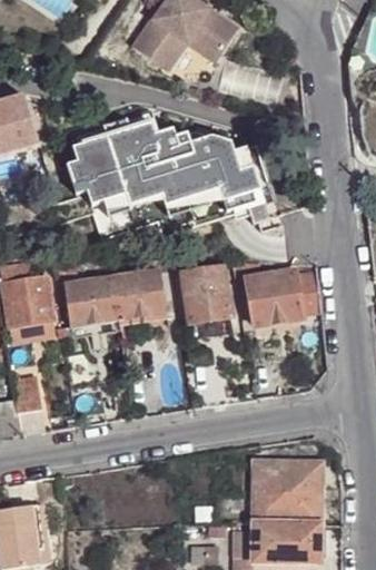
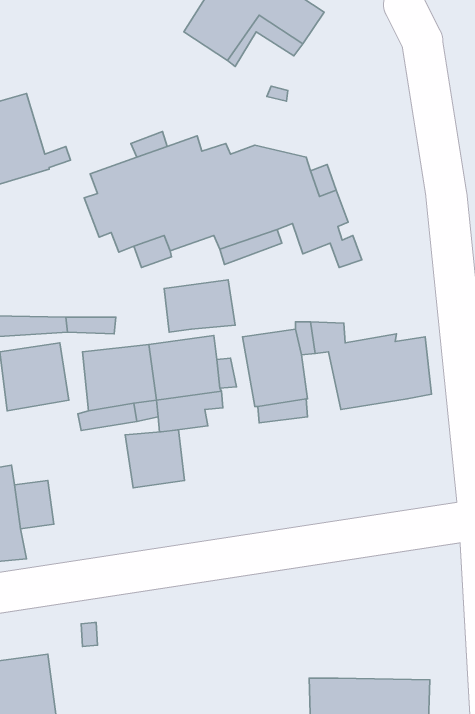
building: none -> [164,280,235,332]
building: none -> [125,430,185,488]
building: [251,460,320,523] -> none

